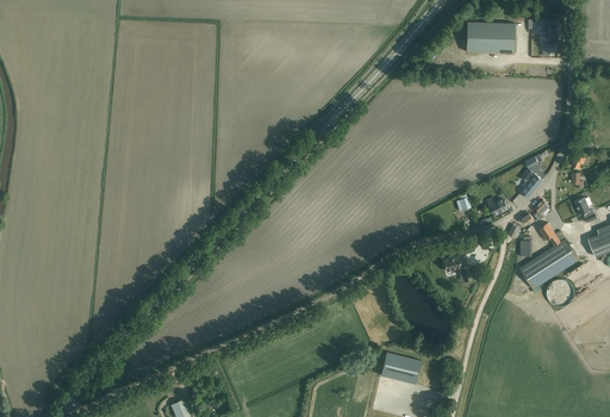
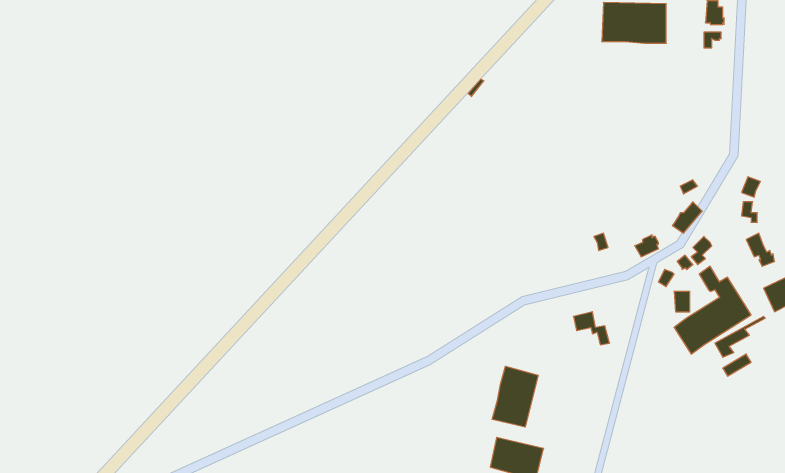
building: none -> [492,366,538,427]

